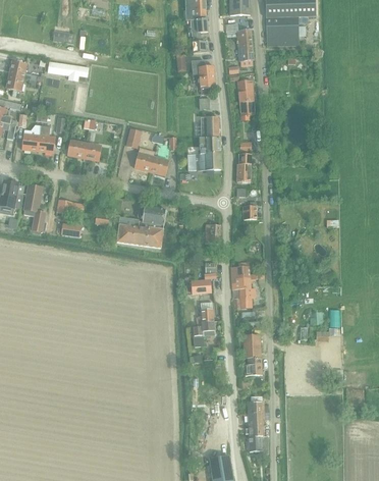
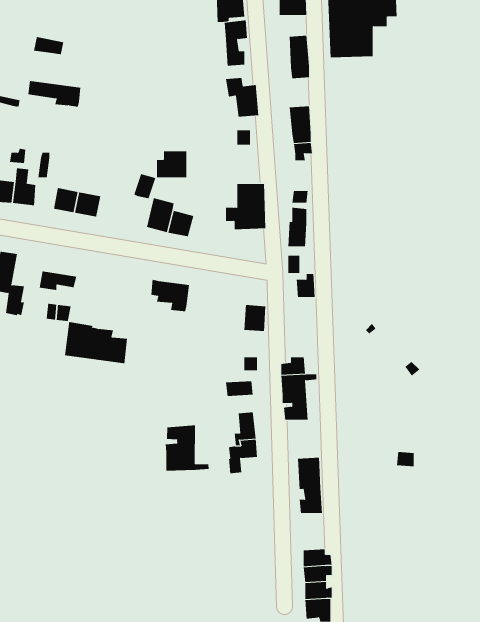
building: [195,116,217,136] -> [156,151,187,178]
building: [116,216,162,247] -> [64,322,128,364]
building: none -> [165,425,209,472]

